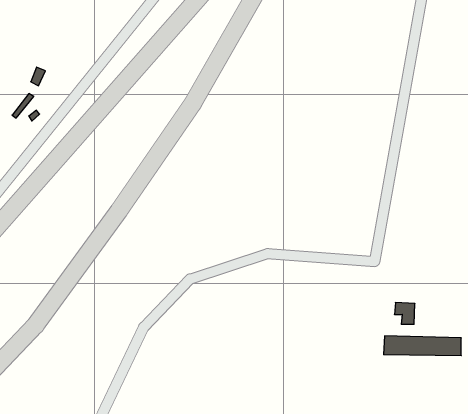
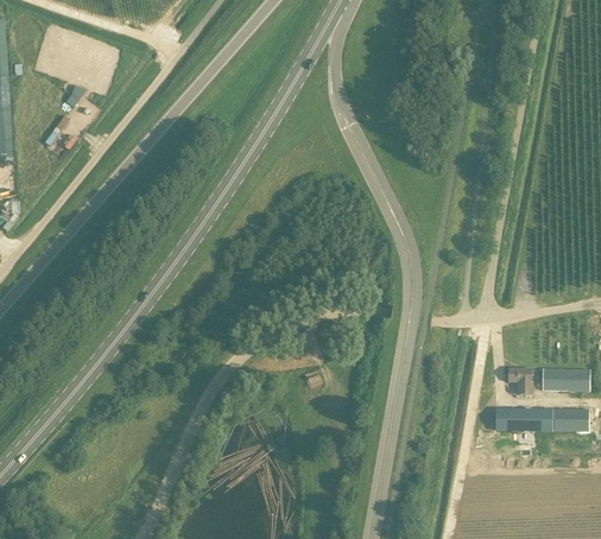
building: none -> [542,368,589,391]

